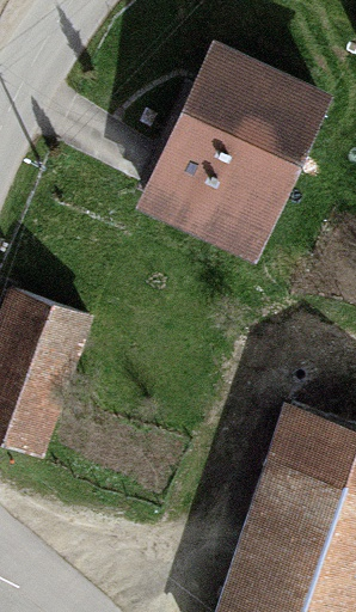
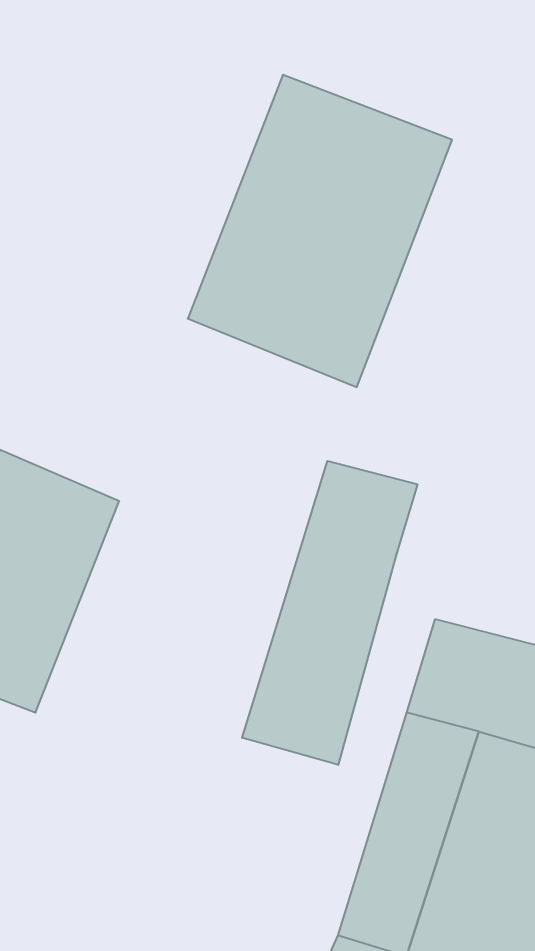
building: none -> [242,461,417,765]

